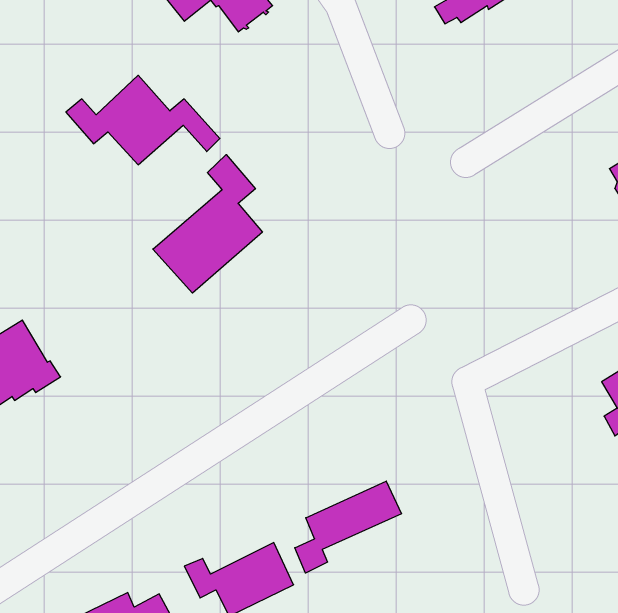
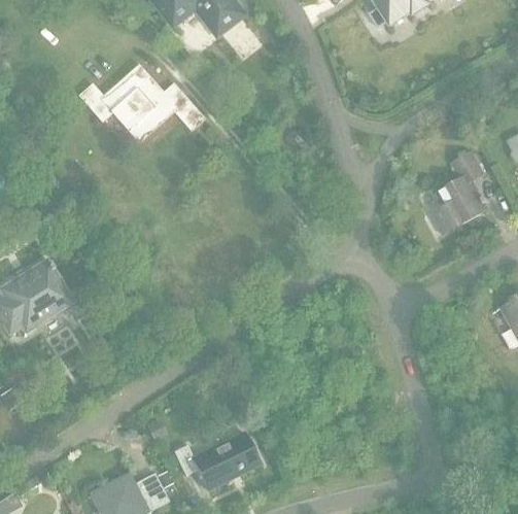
building: [153,155,262,293] -> none
building: none -> [431,151,488,235]
building: [295,481,402,573] -> none

